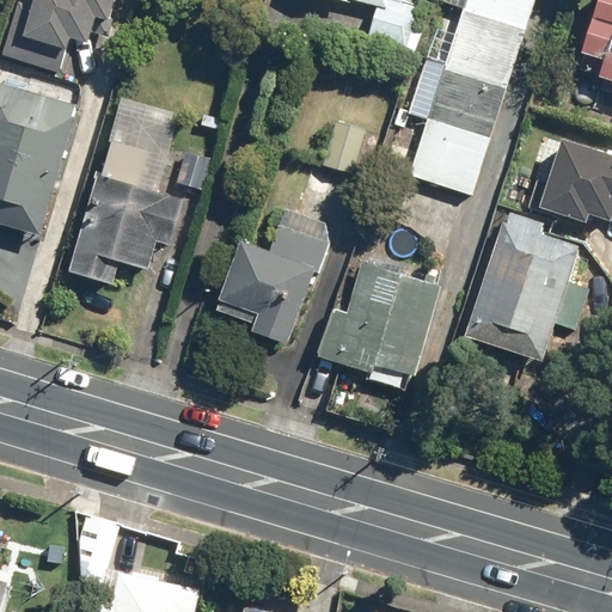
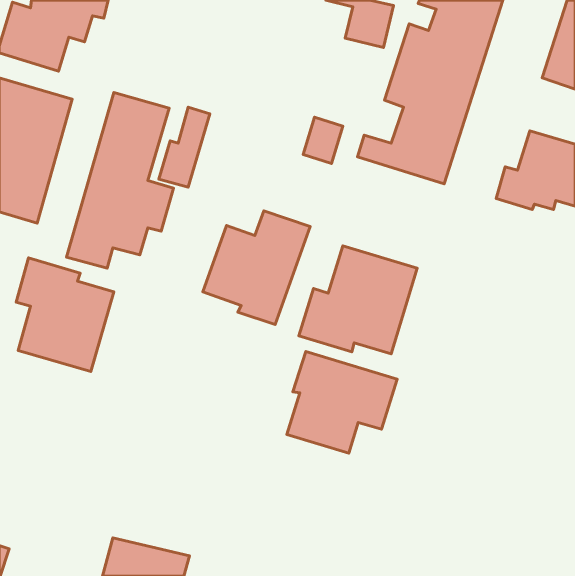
building: [465,210,589,362] -> none
building: none -> [16,258,114,371]
building: none -> [287,352,397,453]

